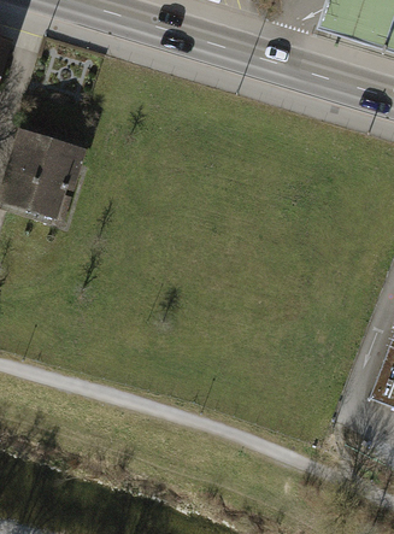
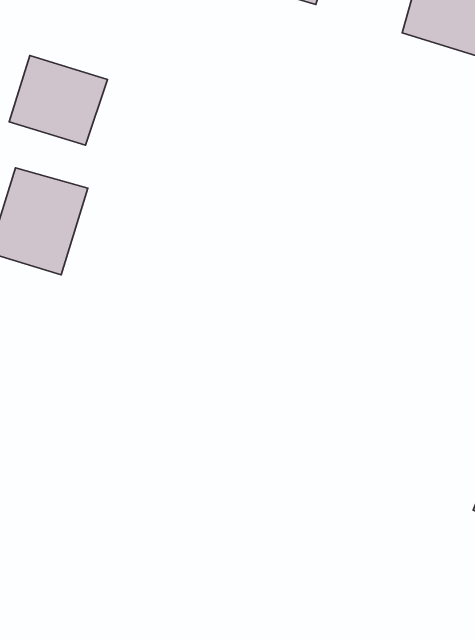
building: none -> [9,55,108,145]

